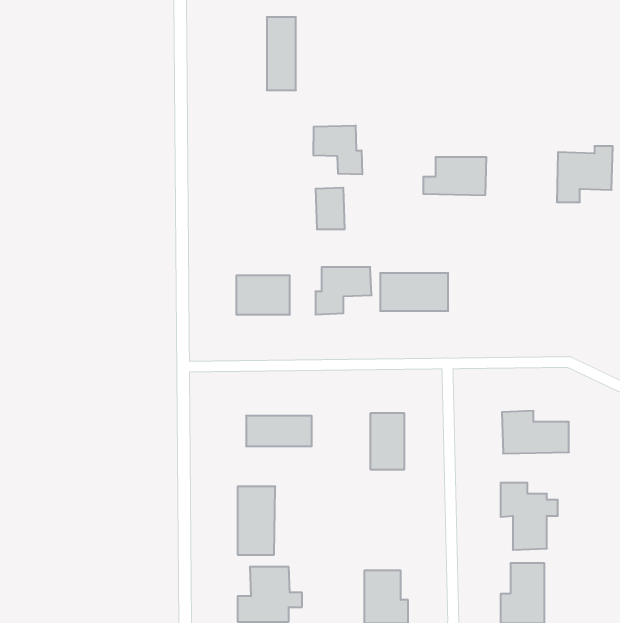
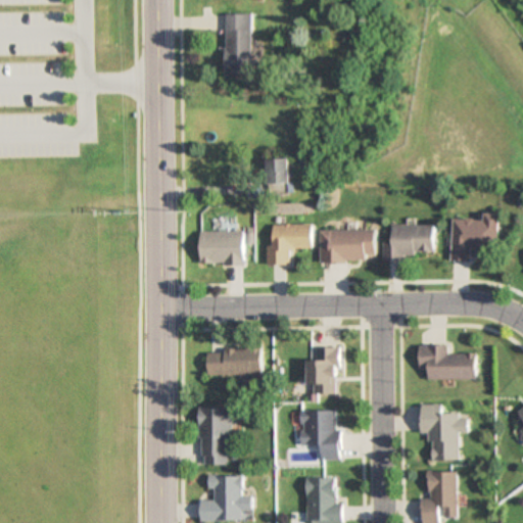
building: [314,125,362,174] -> none
building: [557,146,613,202] -> [451,212,498,259]
building: [423,157,487,195] -> [382,225,435,256]
building: none -> [299,411,339,460]

